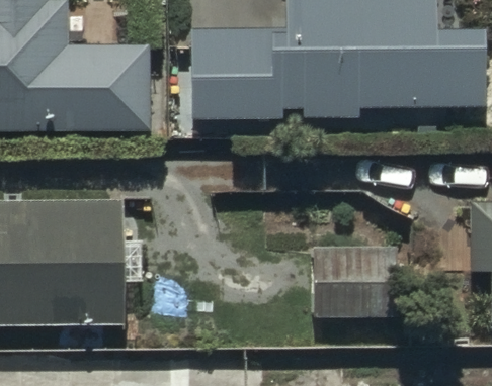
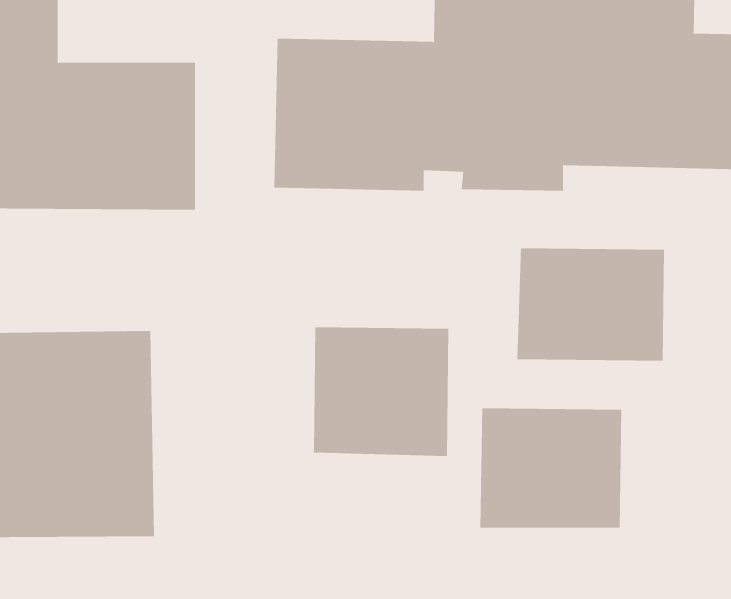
building: none -> [517,248,664,361]
building: none -> [313,327,449,457]

